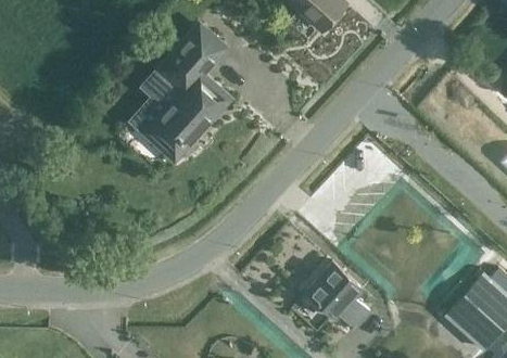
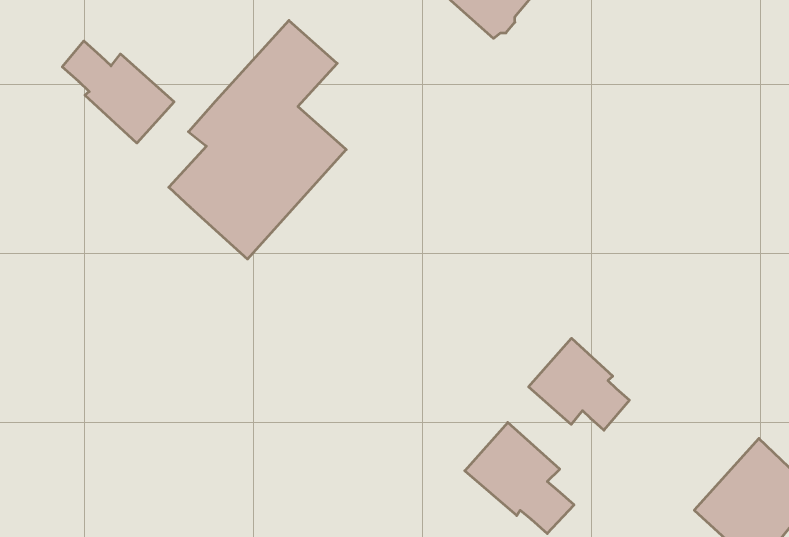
building: none -> [62,41,174,143]
building: none -> [529,338,629,430]

